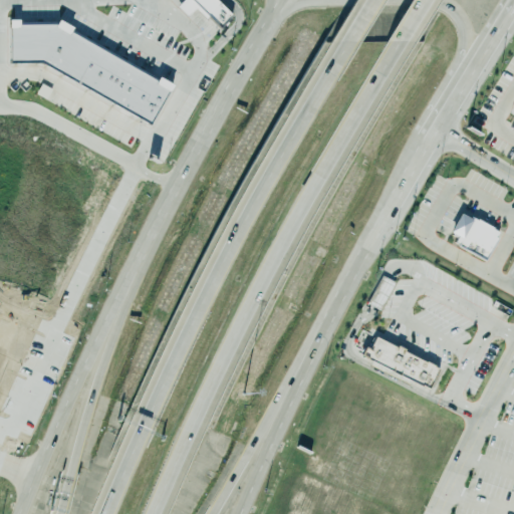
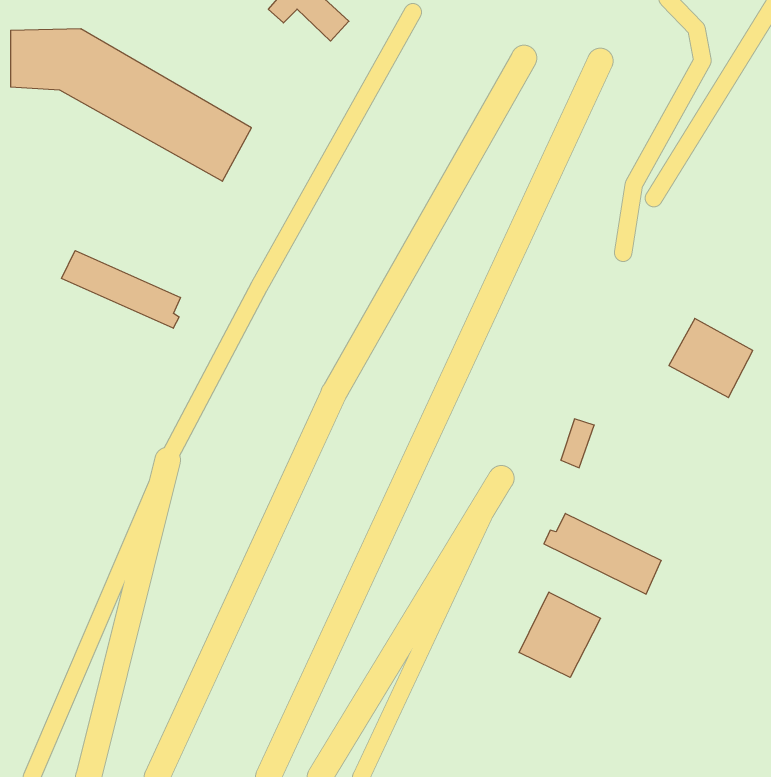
building: none -> [62,251,180,328]
building: none -> [519,592,601,677]

